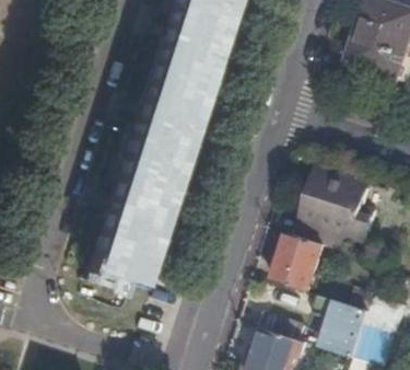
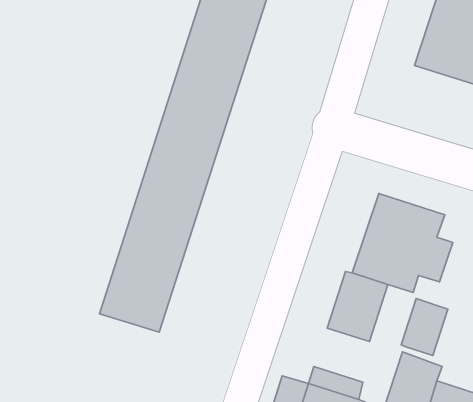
building: none -> [401,298,448,355]

